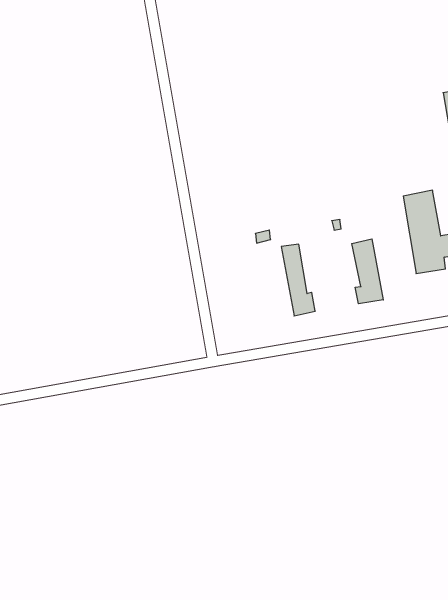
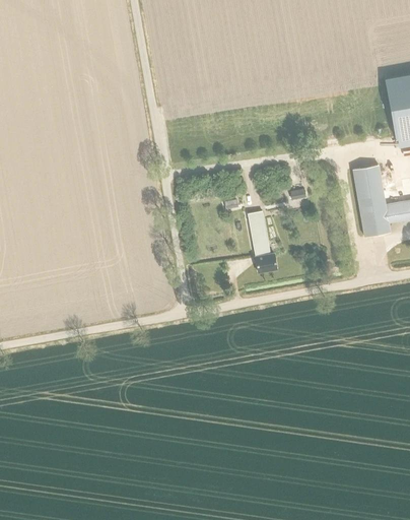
building: [352,239,383,304] -> none

